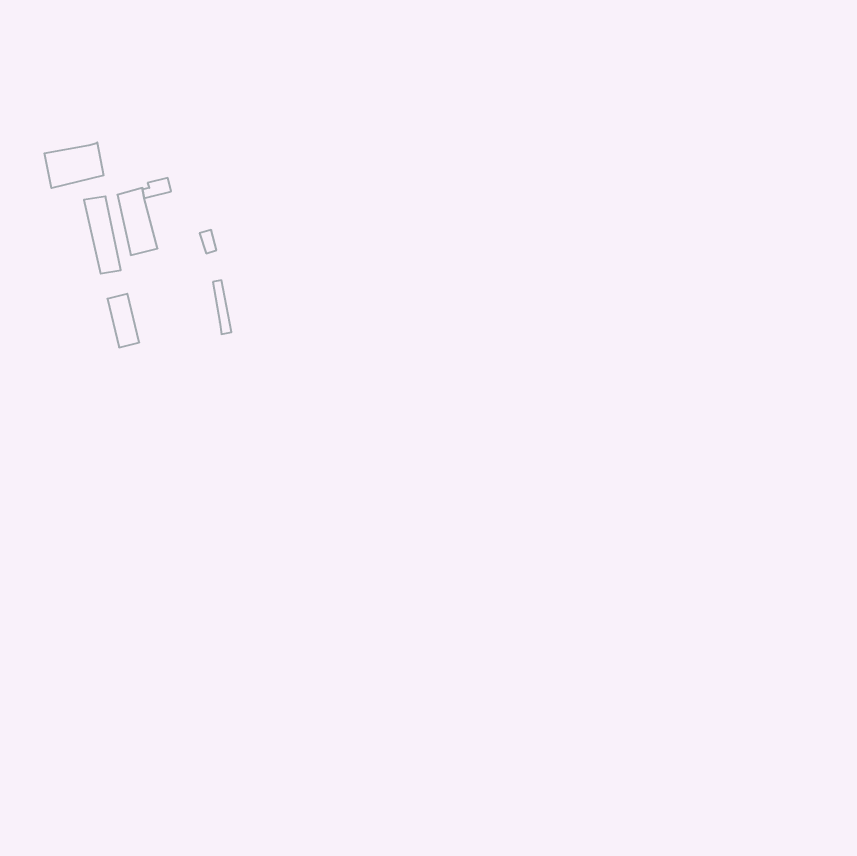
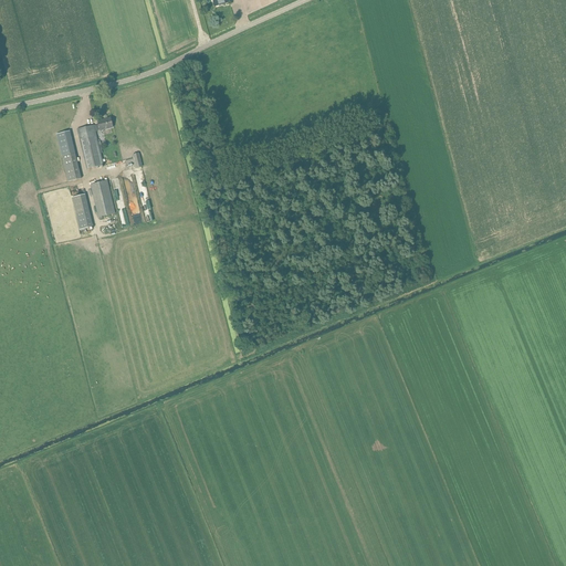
building: [44,142,104,188] -> none
building: none -> [90,179,115,217]

